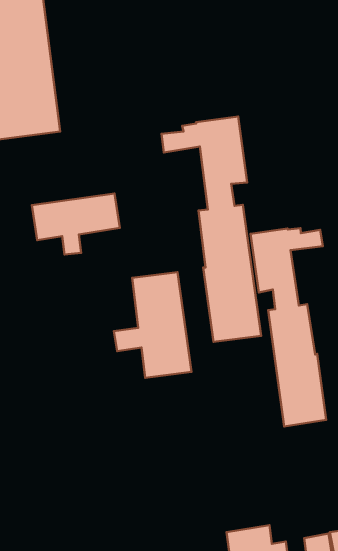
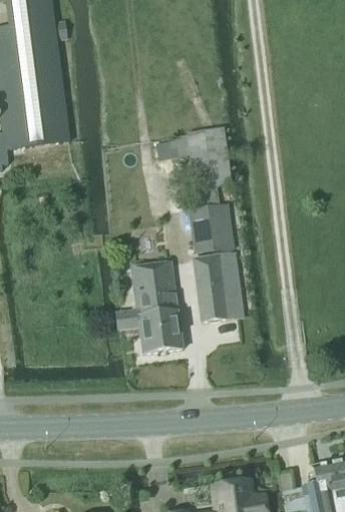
building: [32,193,120,255] -> none
building: [251,228,326,426] -> none

